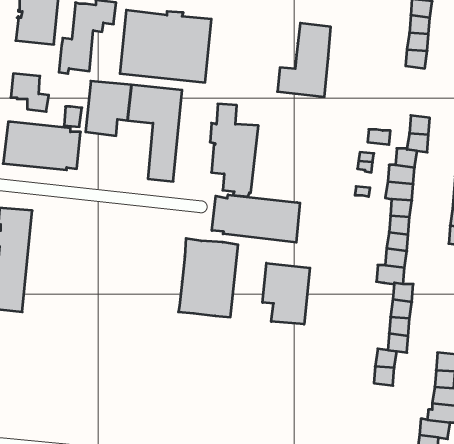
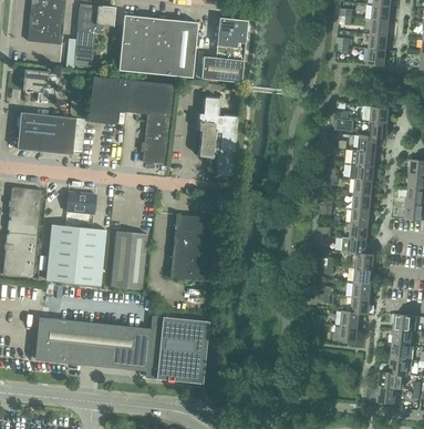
building: [277,23,331,97] -> [199,18,246,82]
building: [212,195,300,242] -> none
building: none -> [65,192,95,214]
building: none -> [45,224,105,285]
building: none -> [110,231,146,289]
building: [263,263,310,324] -> none
building: none -> [34,315,208,382]

